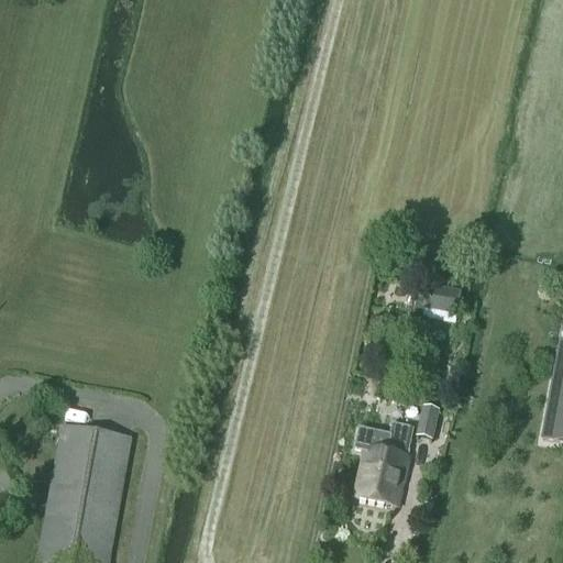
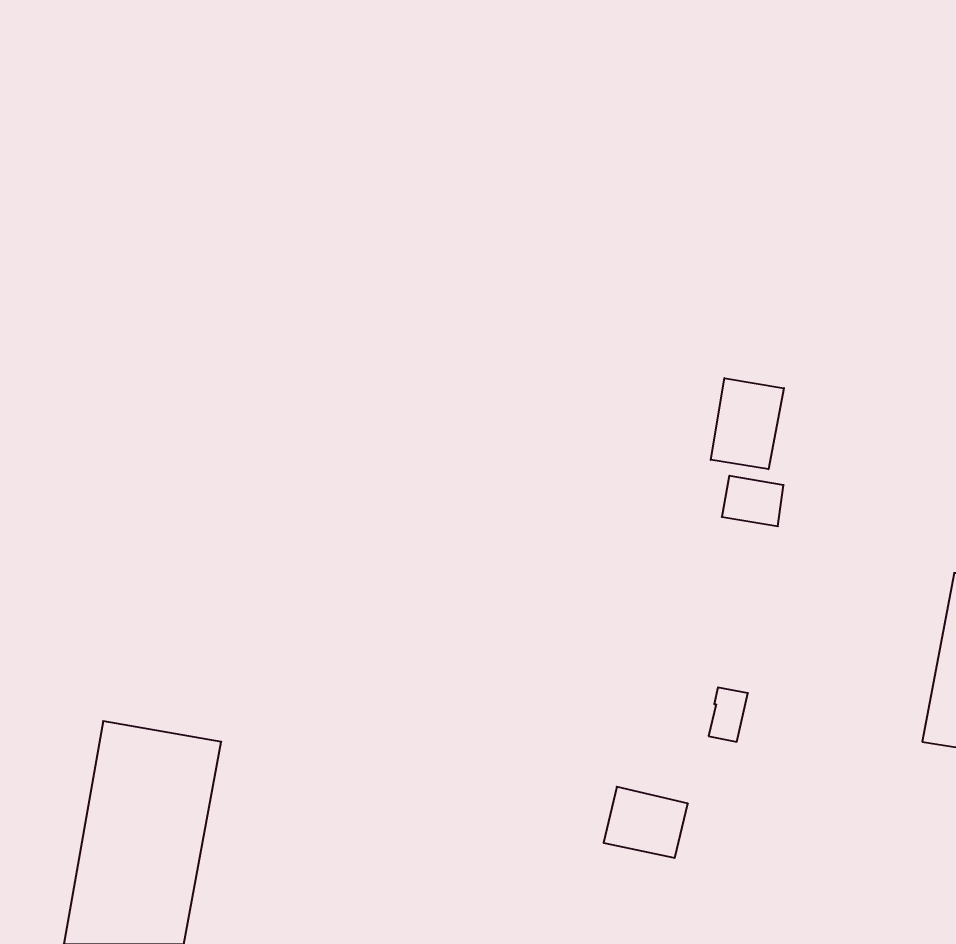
building: none -> [711,378,784,469]
building: [353,419,413,472] -> none

